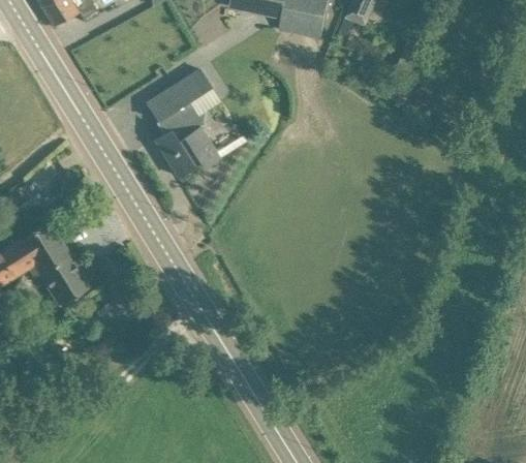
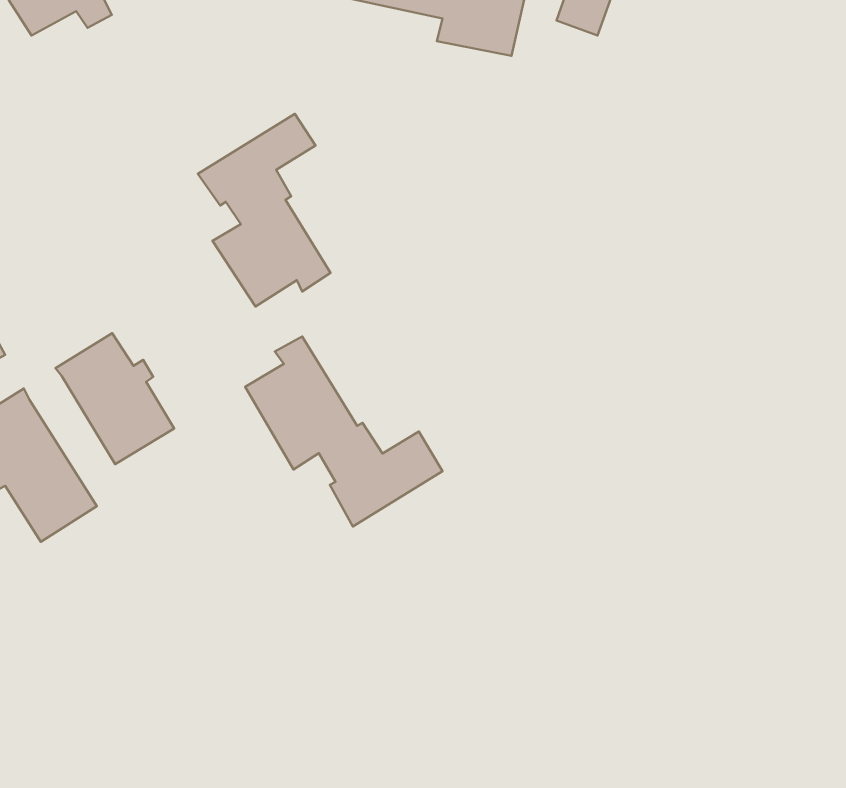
building: none -> [56,333,174,464]
building: none -> [245,336,442,526]

